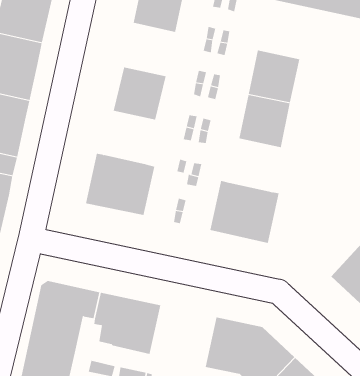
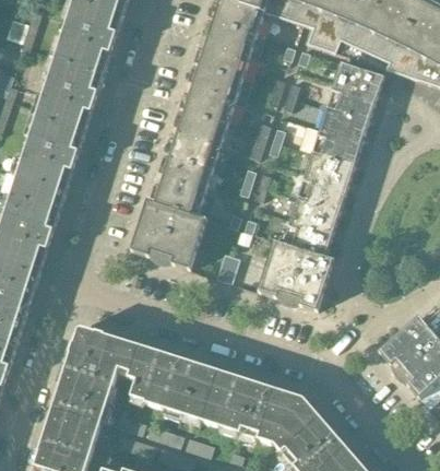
building: none -> [324,61,383,121]
building: none -> [183,67,241,126]
building: none -> [154,156,212,215]
building: none -> [282,198,340,257]
building: none -> [182,364,254,433]

